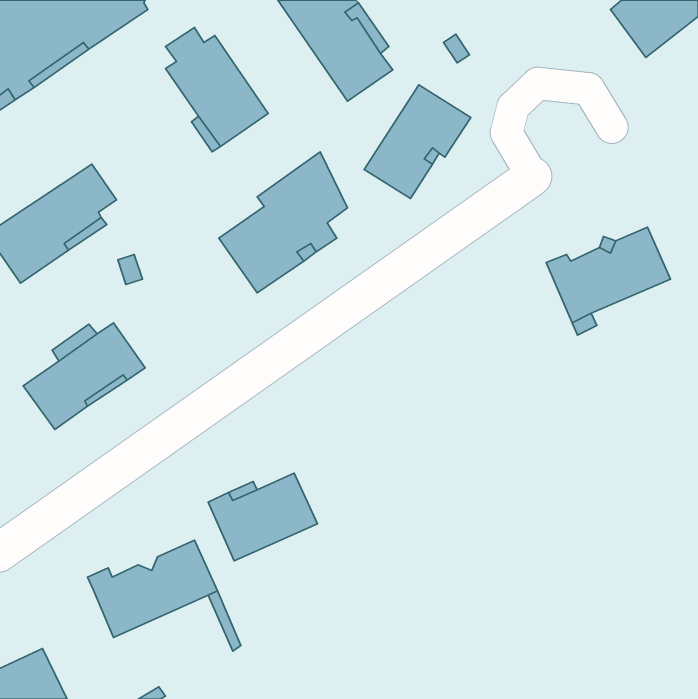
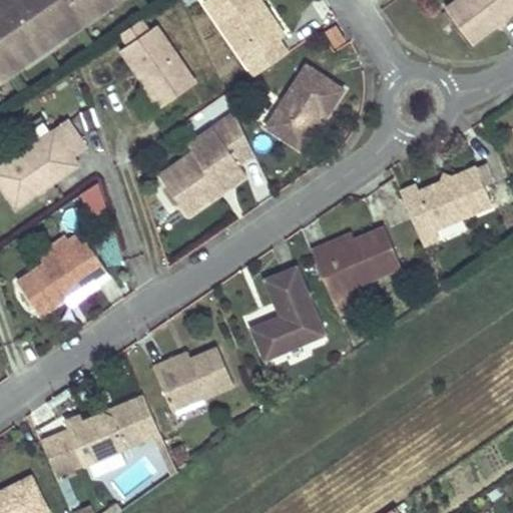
building: none -> [311,227,401,315]
building: none -> [251,268,324,360]
building: none -> [41,432,83,479]

